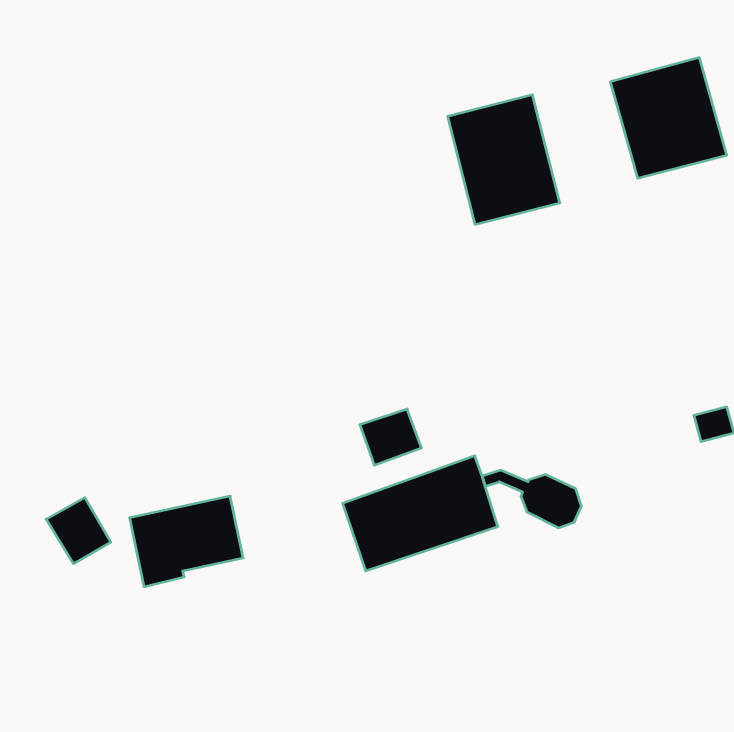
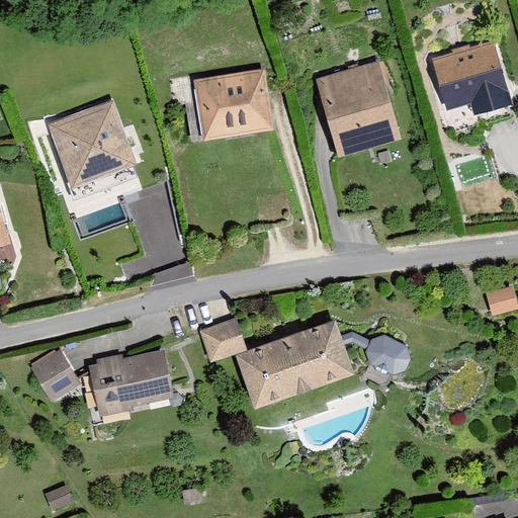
building: none -> [191,76,266,144]
building: none -> [48,98,137,185]
building: [360,409,422,465] -> [200,319,244,358]

